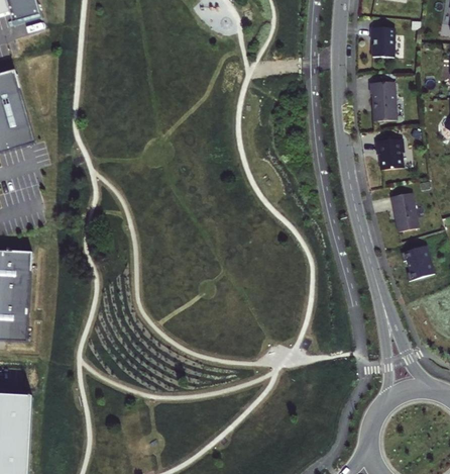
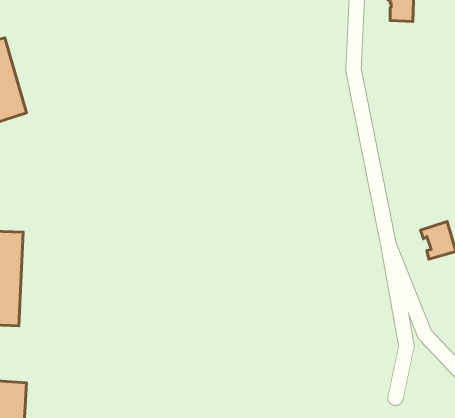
building: [370,80,397,119] -> none
building: [375,136,404,168] -> none
building: [391,191,420,230] -> none

